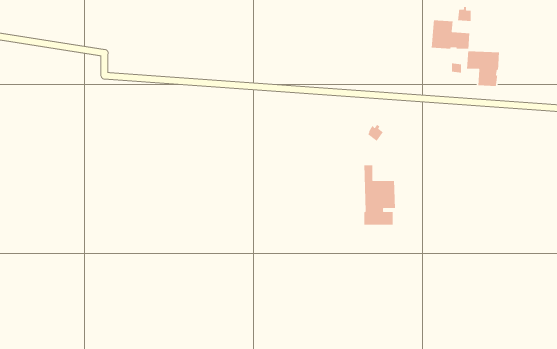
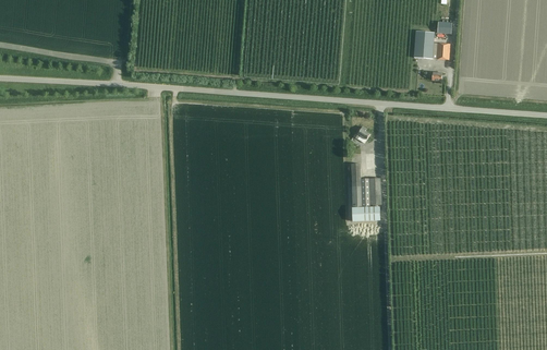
building: [466,51,500,87] -> none

